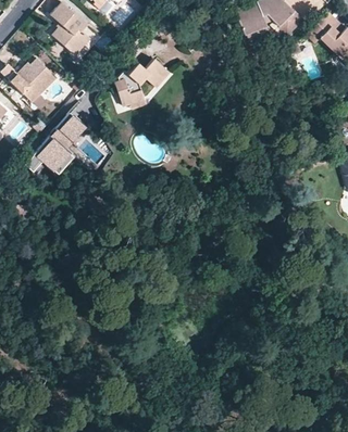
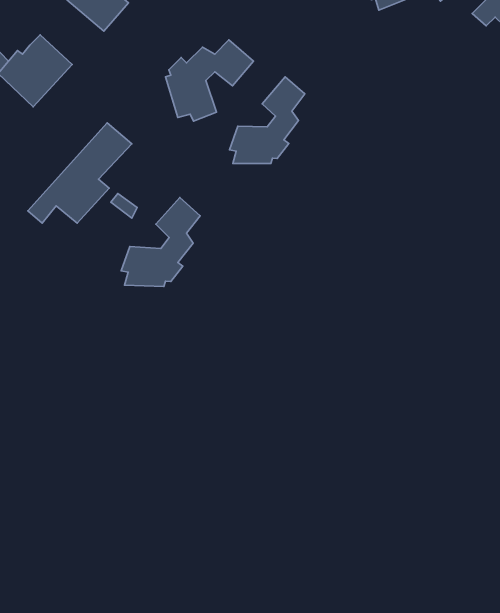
building: none -> [230,77,305,164]
building: none -> [121,197,200,287]

